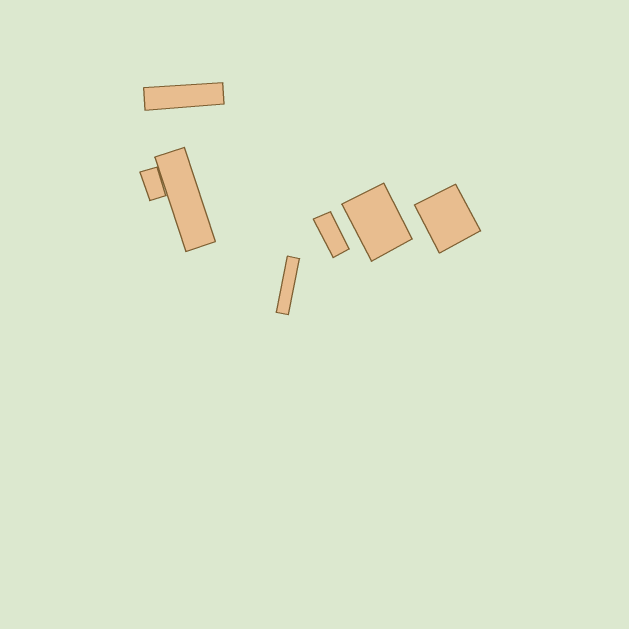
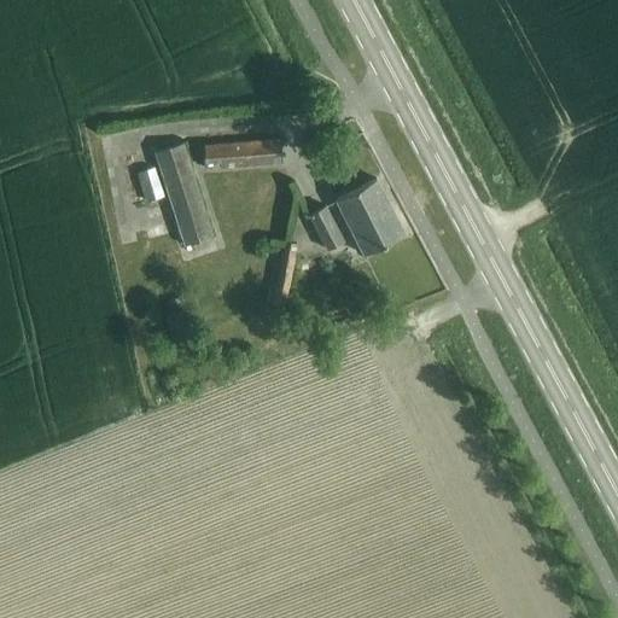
building: [144,83,224,110] -> [204,140,282,167]
building: [414,184,481,253] -> none

